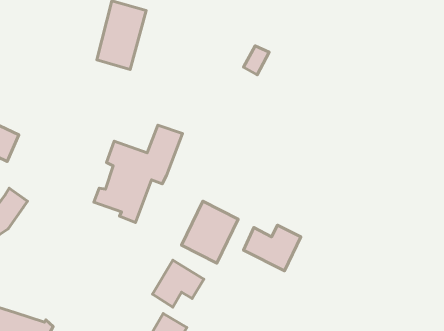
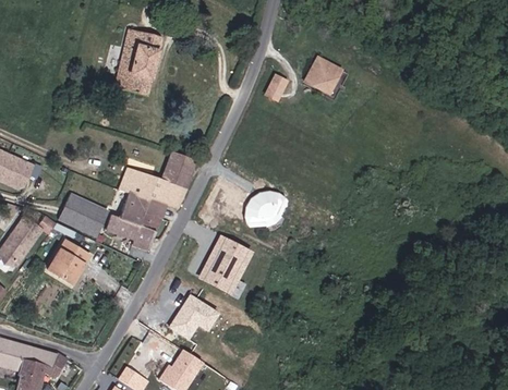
building: none -> [301,54,342,95]
building: none -> [59,192,109,236]
building: none -> [247,192,283,224]
building: none -> [46,242,89,287]
building: [243,225,301,271] -> none

